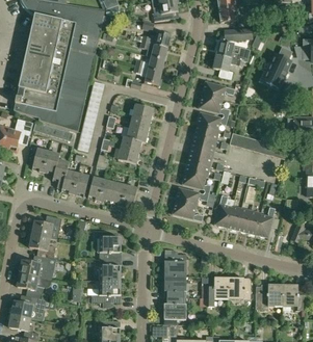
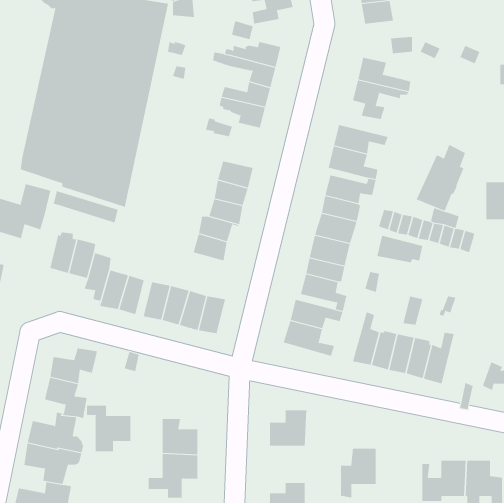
building: [261,47,291,87] -> [416,144,466,212]
building: [94,231,121,259] -> [86,405,131,452]
building: [163,275,185,297] -> none
building: [228,277,250,299] -> none

